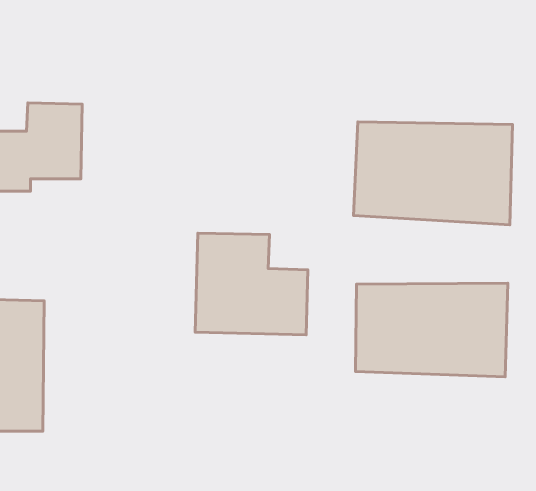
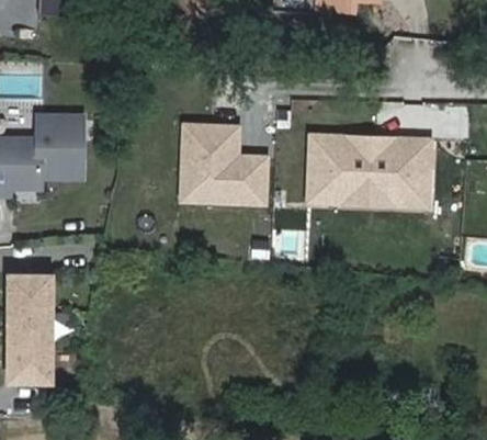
building: [195,233,308,335] -> [177,123,268,205]
building: [355,283,508,377] -> none

